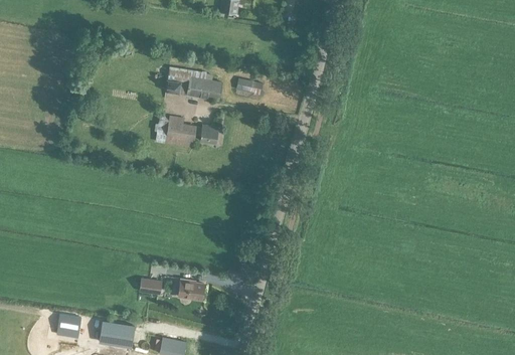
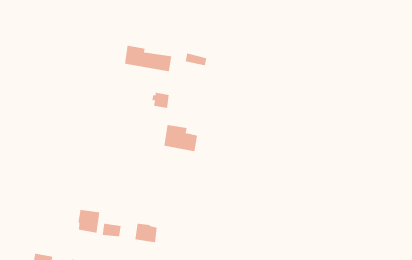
building: [155,114,195,146] -> [164,124,198,152]
building: none -> [78,209,100,234]

